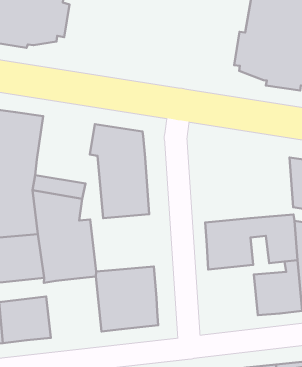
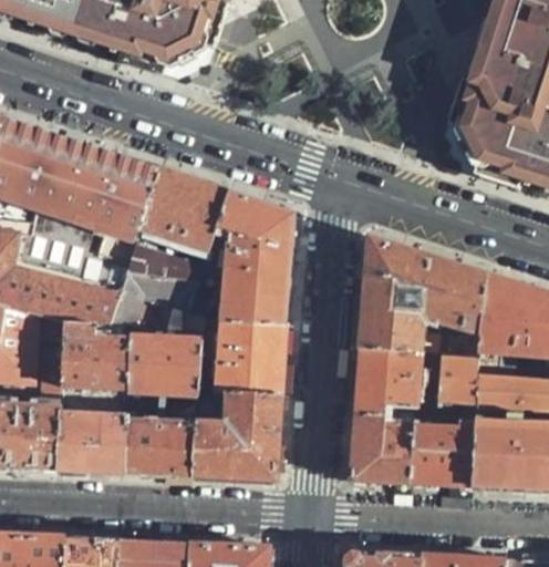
building: none -> [146,167,232,250]
building: none -> [361,237,489,354]
building: none -> [219,319,287,395]
building: none -> [350,411,417,484]
building: none -> [127,394,201,473]

